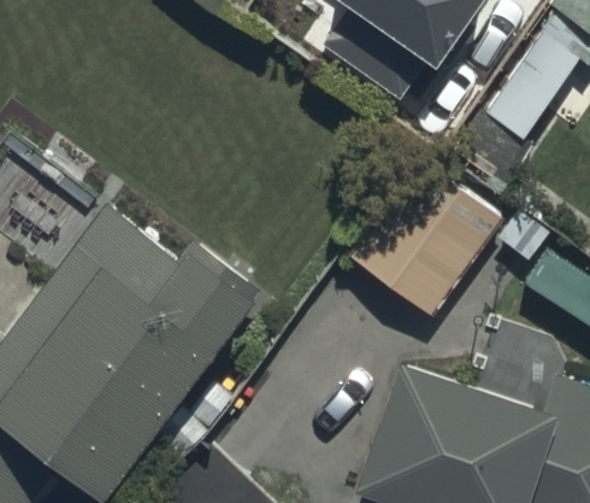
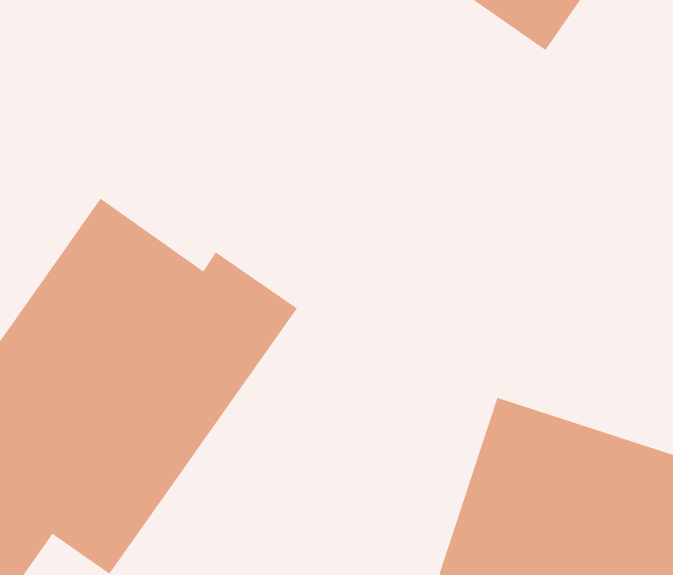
building: [353,159,509,318] -> none

